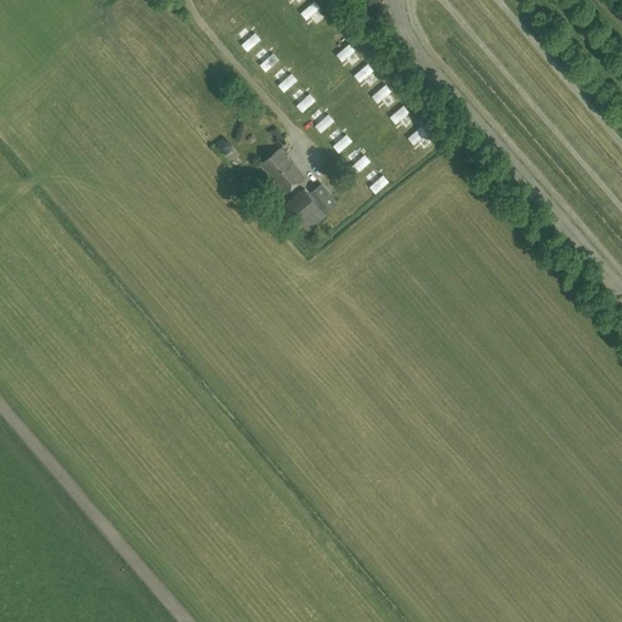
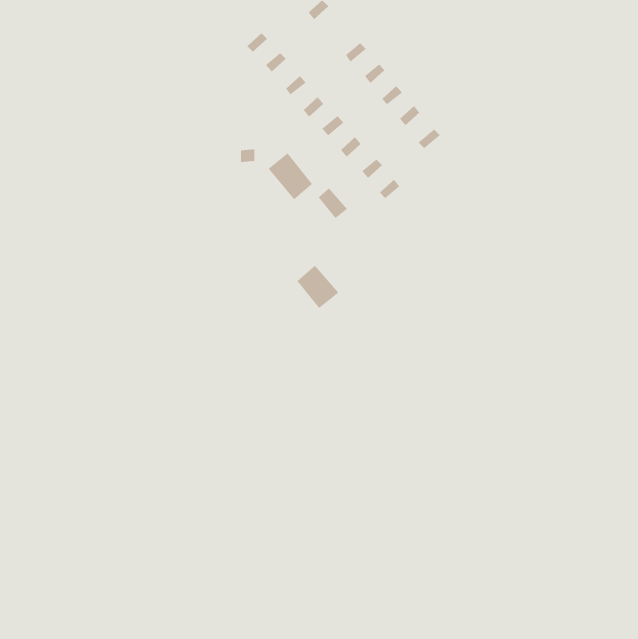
building: [284,188,326,231] -> [296,265,339,309]

